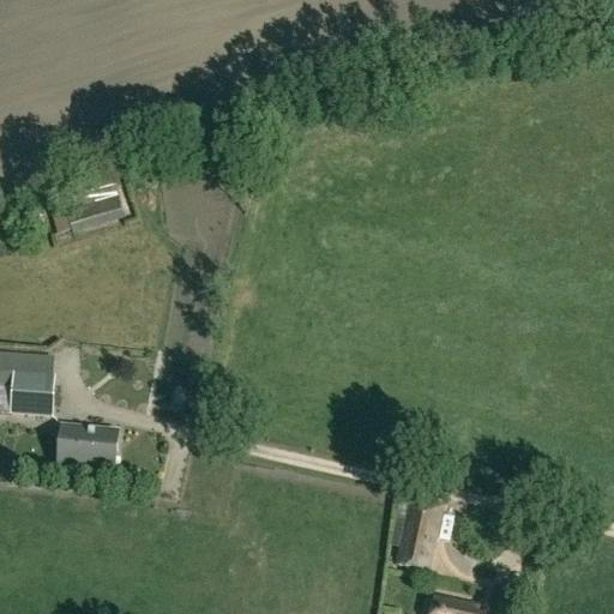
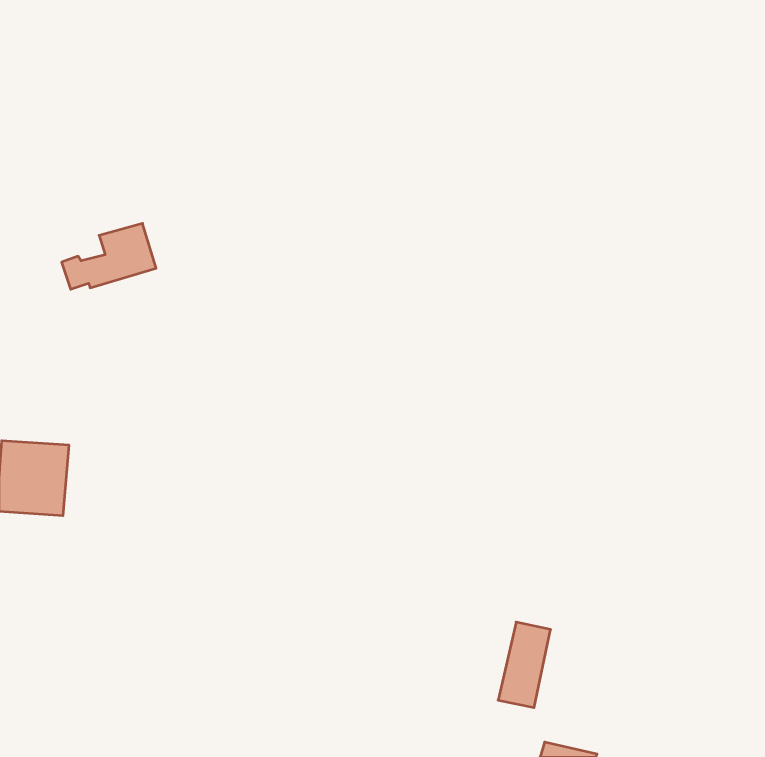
building: [58,425,116,472] -> none

